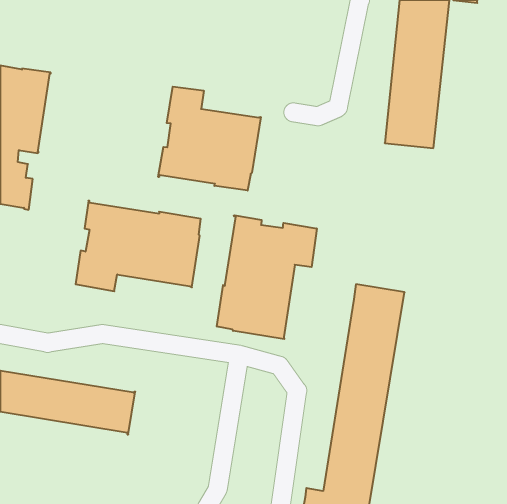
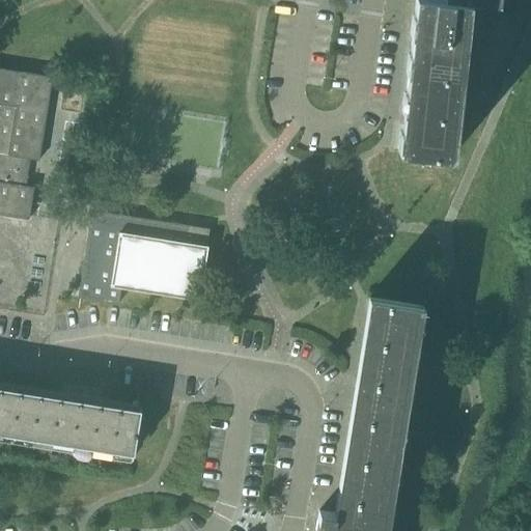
building: [158,87,261,191] -> none
building: [217,215,317,339] -> none

